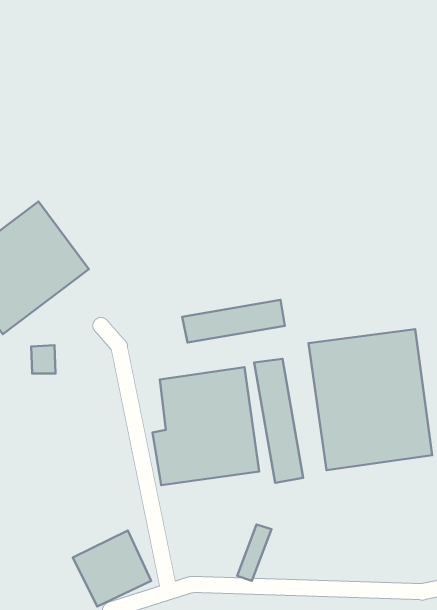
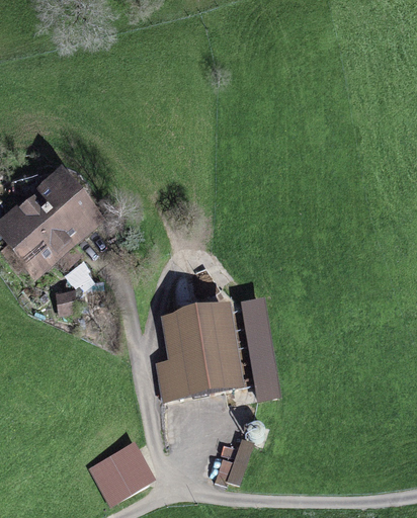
building: [182,300,285,342] -> none
building: [309,329,432,470] -> none

